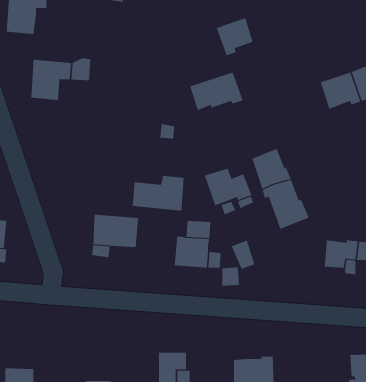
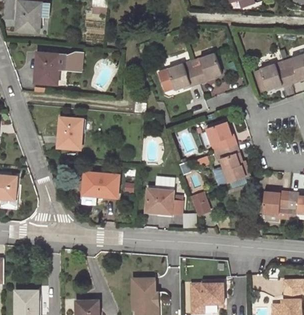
building: [216,17,253,56] -> [191,53,220,83]
building: none -> [57,117,82,149]
building: [204,168,252,206] -> none
building: [132,175,184,212] -> none

